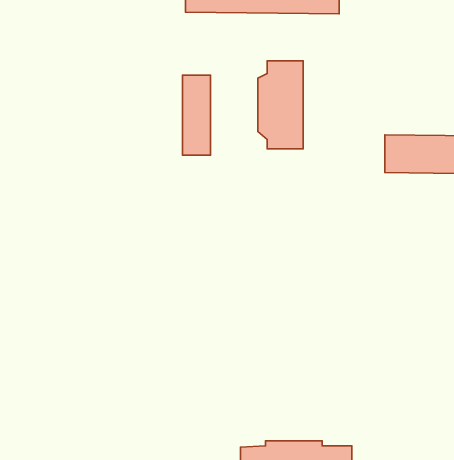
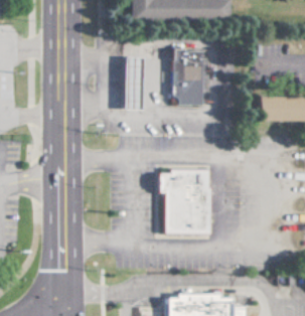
building: none -> [162,169,212,234]

